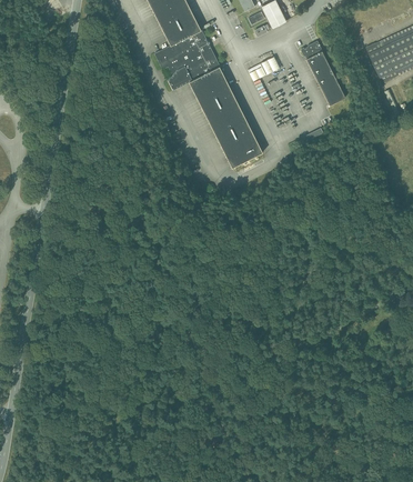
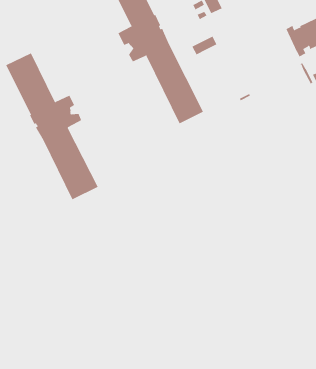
building: [300,40,344,104] -> none
building: none -> [6,52,98,200]

